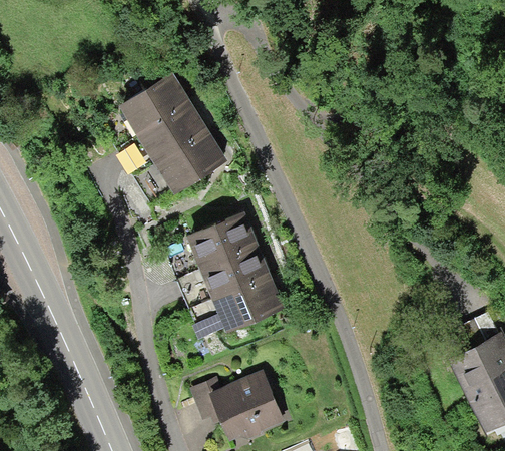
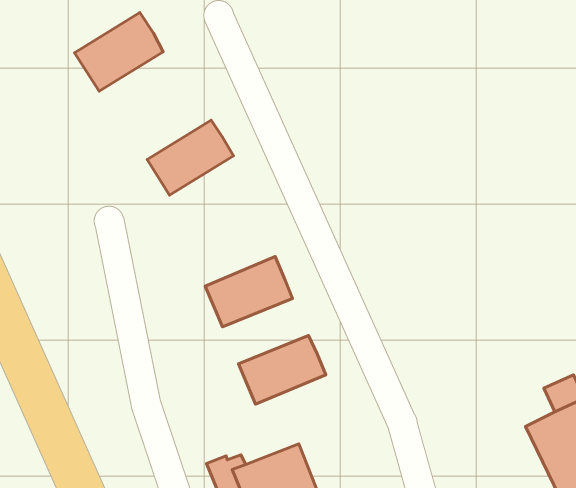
building: [120,72,192,136] -> [75,12,163,91]
building: [158,133,228,194] -> none
building: [201,250,272,303] -> none

